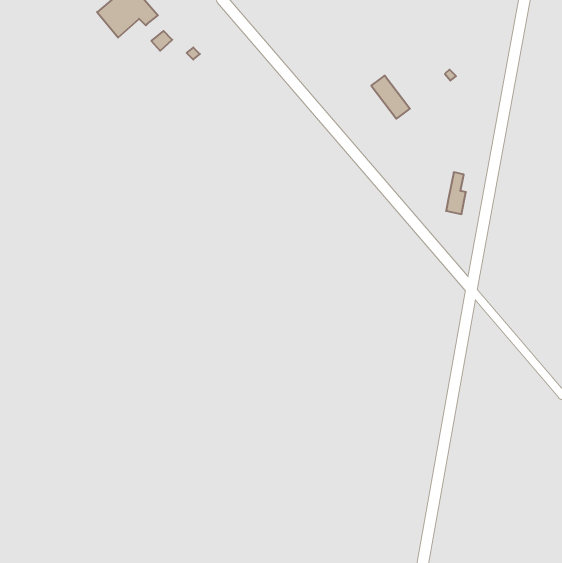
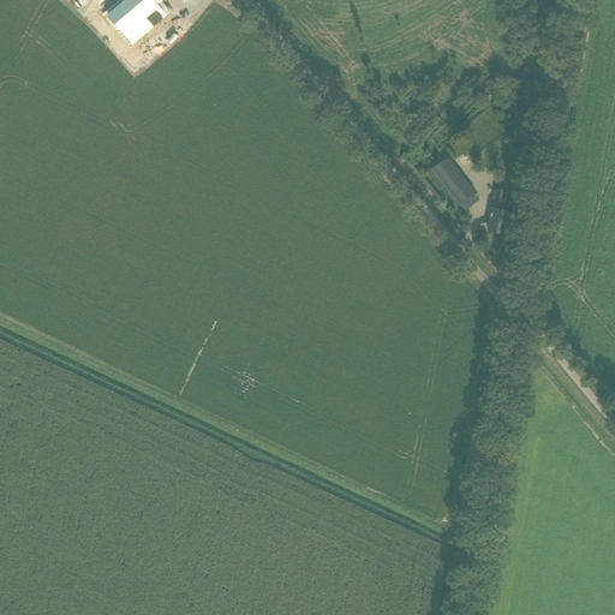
building: [371,76,410,119] -> [430,156,472,203]

